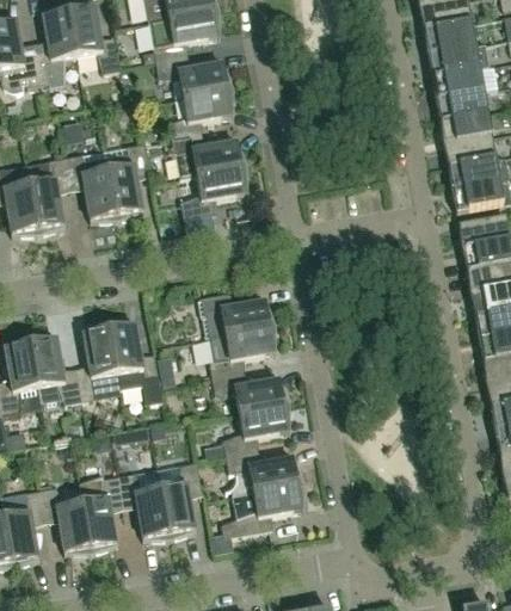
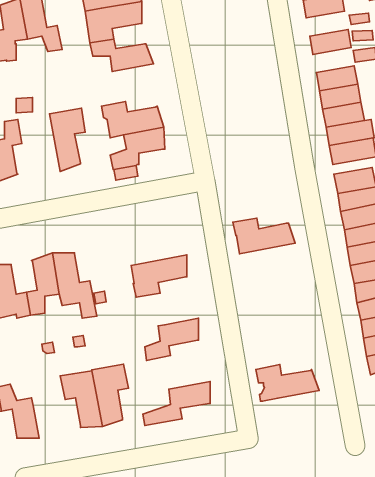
building: [424,20,476,51] -> none
building: [432,66,484,97] -> none
building: [167,86,234,138] -> none
building: [66,148,118,220] -> none
building: [198,292,276,337] -> [233,218,295,254]
building: [213,371,290,412] -> none
building: [226,449,304,494] -> [256,365,319,401]
building: [79,473,124,551] -> none

